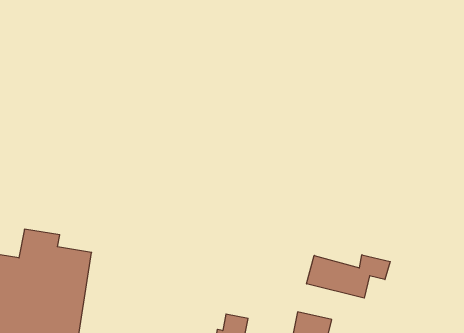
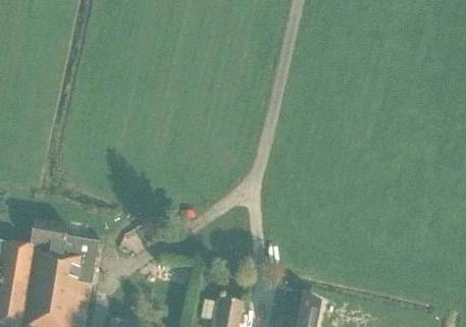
building: [307,255,390,298] -> none

